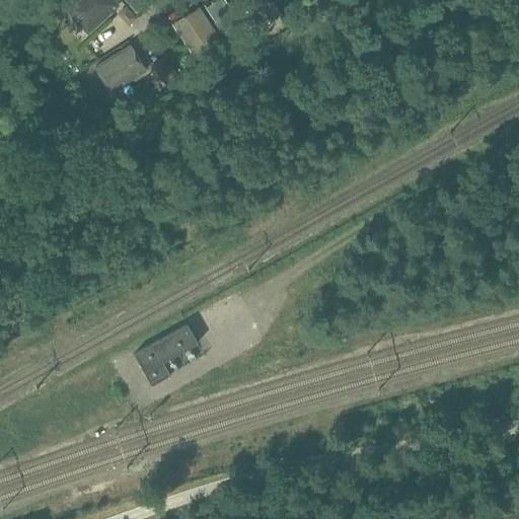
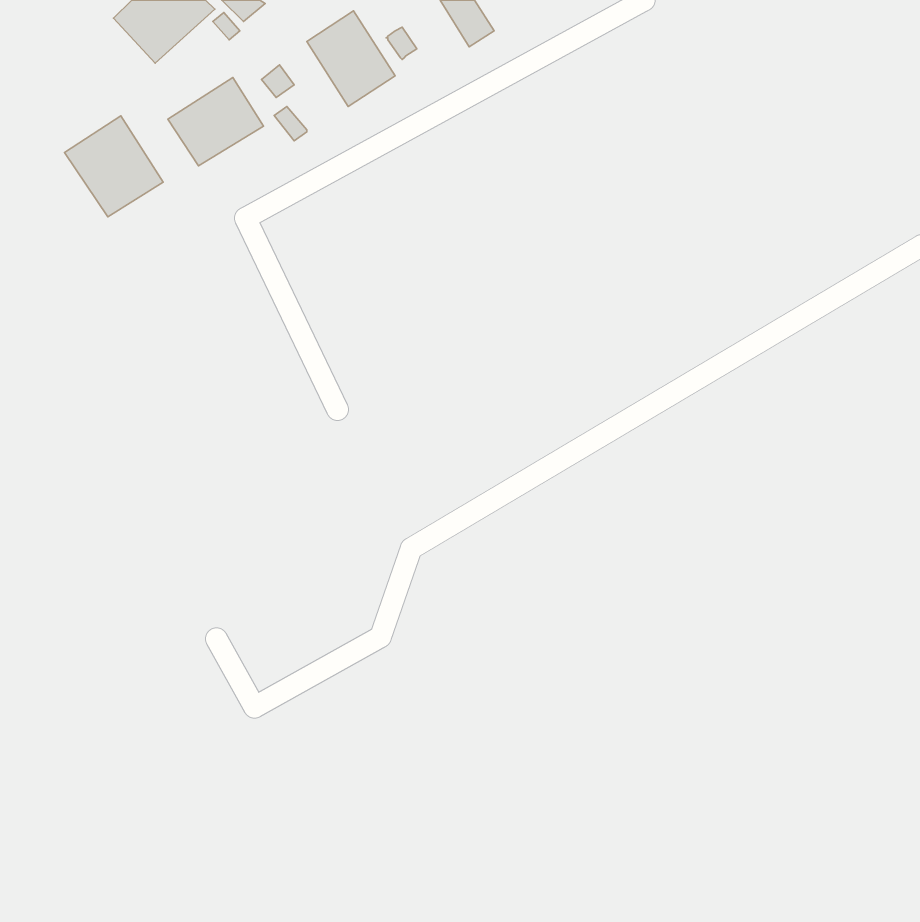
building: none -> [65,116,163,217]
building: [134,322,197,384] -> none

